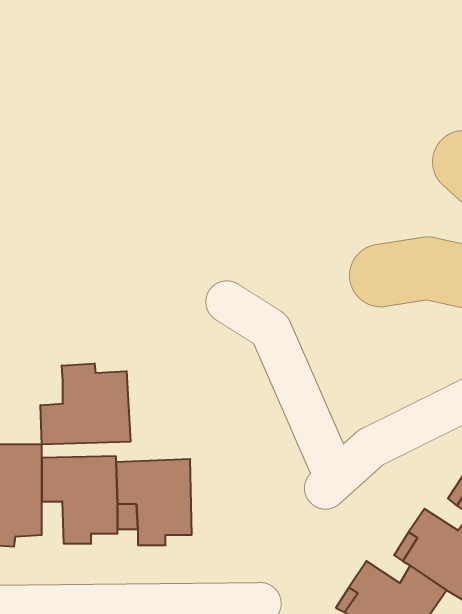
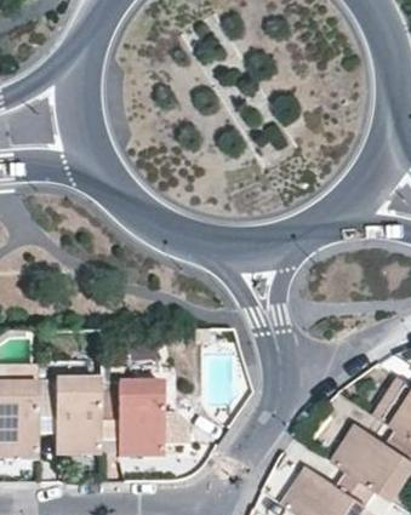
building: [40,363,130,445] -> none

